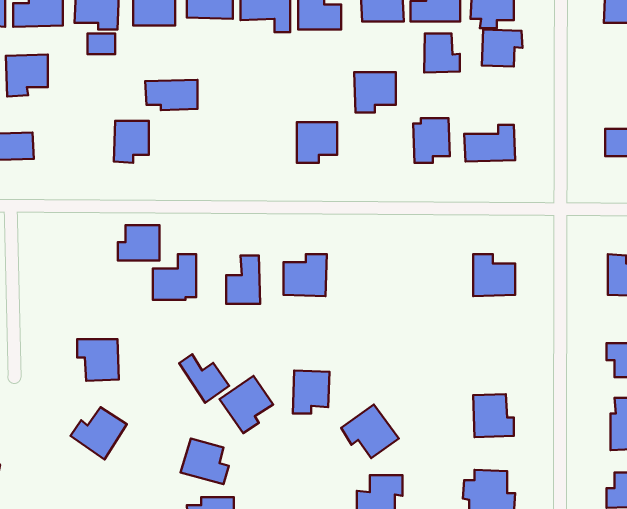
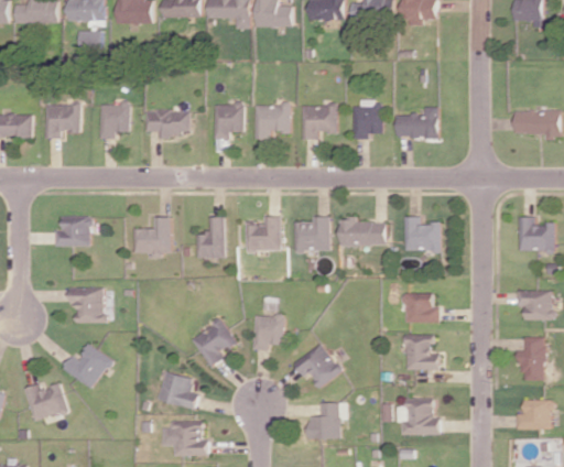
building: [482,30,522,66] -> none
building: [424,33,460,72] -> none
building: [6,55,48,96] -> [46,104,82,139]
building: [354,72,396,113] -> [302,105,337,139]
building: [145,80,198,110] -> [147,110,191,135]
building: none -> [215,104,243,139]
building: [118,225,160,260] -> [56,216,91,246]
building: none -> [294,216,329,251]
building: none -> [339,217,386,246]
building: none -> [403,293,440,323]
building: [179,354,229,403] -> none
building: none -> [26,384,70,421]

